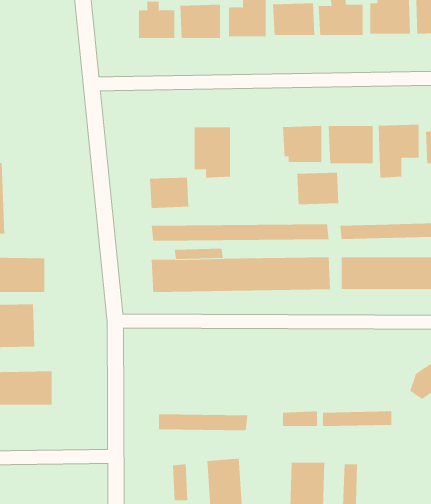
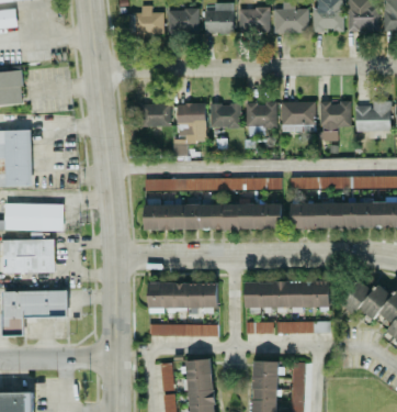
building: [296,172,339,205] -> [208,103,241,129]
building: [149,177,189,208] -> [139,103,170,127]
building: none -> [245,281,329,308]
building: none -> [147,282,217,309]

